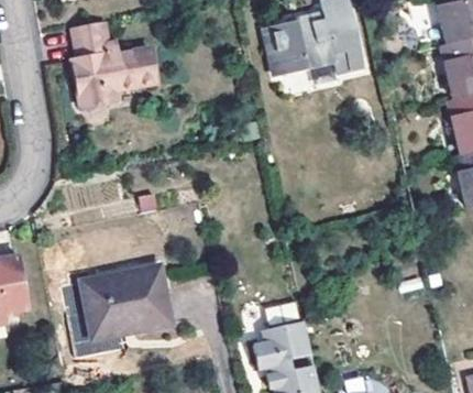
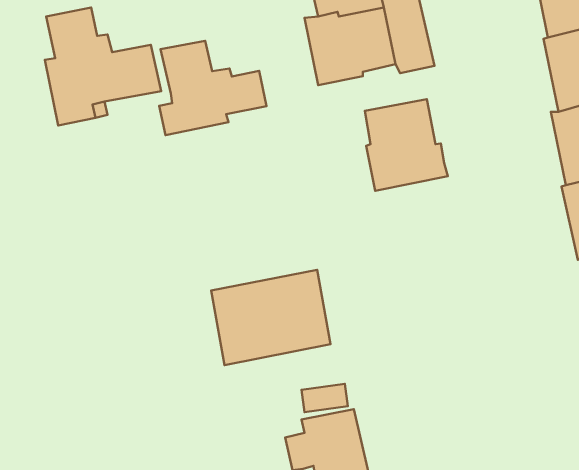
building: none -> [159,41,267,135]
building: none -> [365,99,448,191]
building: [79,271,167,341] -> [211,270,331,365]

